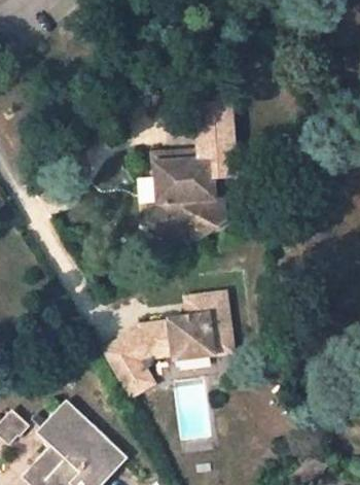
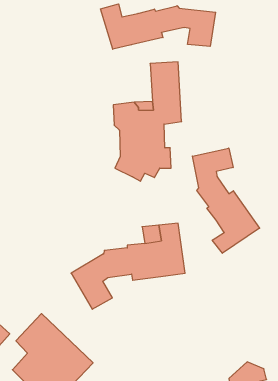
building: none -> [100,4,216,49]
building: none -> [192,148,260,253]

